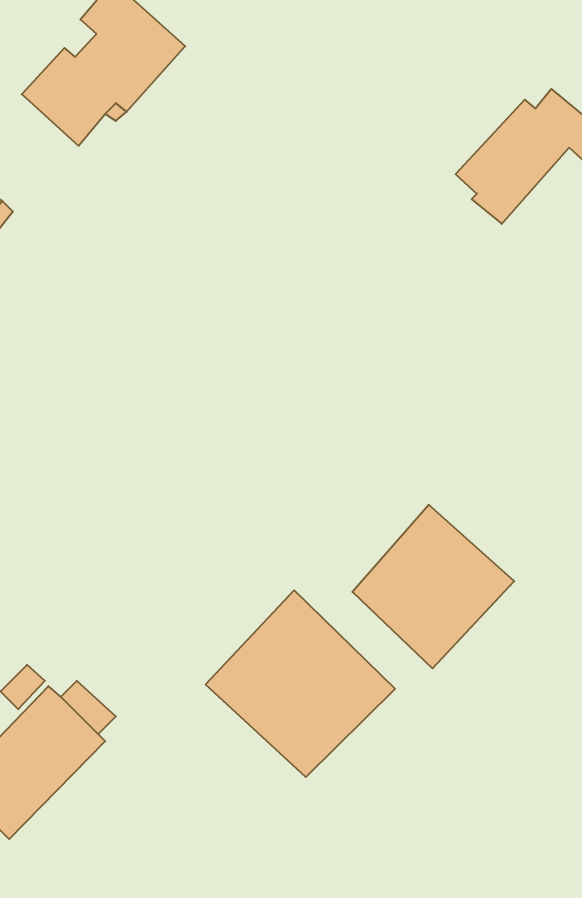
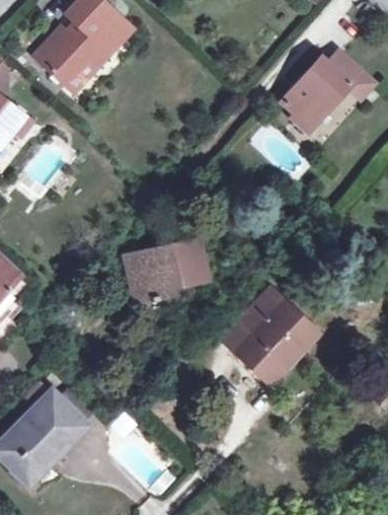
building: none -> [126,240,207,302]
building: [206,590,395,777] -> none

